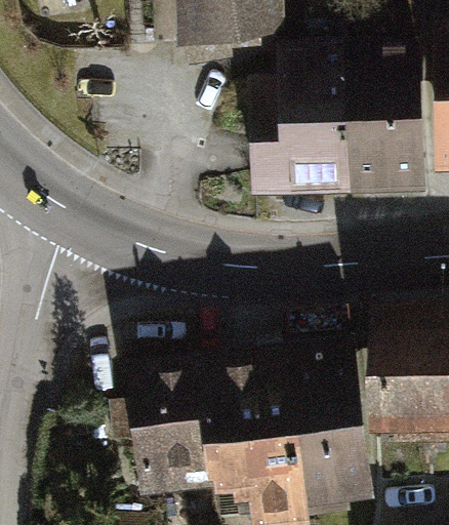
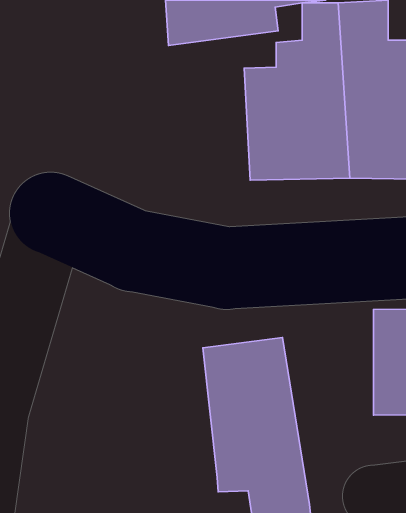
building: [293,340,377,515] -> none
building: [137,360,229,497] -> none

